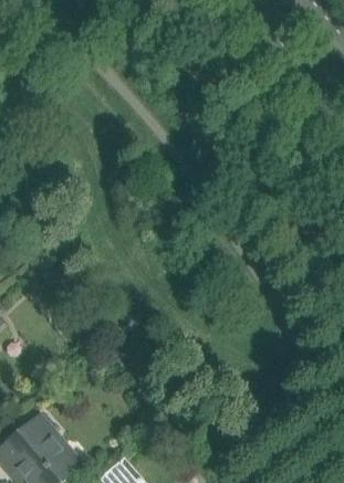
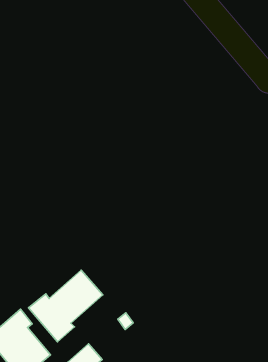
building: none -> [29,270,103,342]

